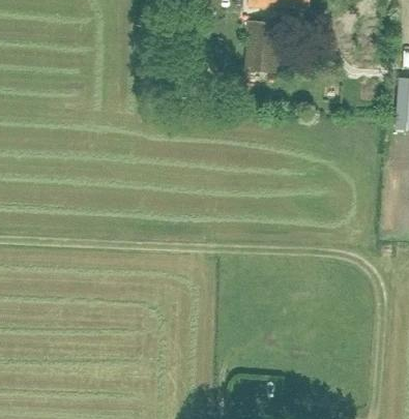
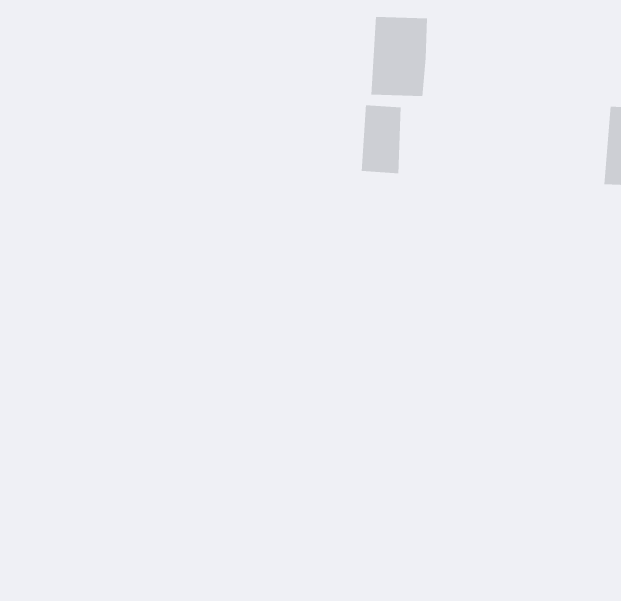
building: none -> [361,104,401,174]

